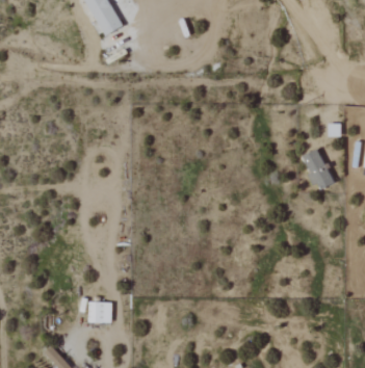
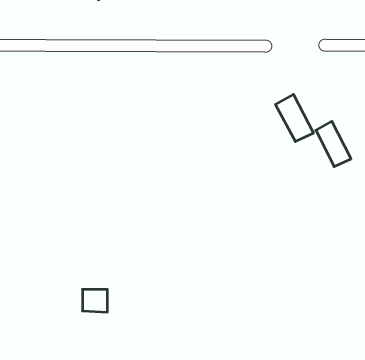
building: none -> [276,94,313,142]

